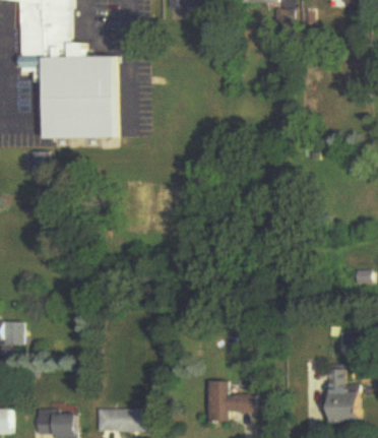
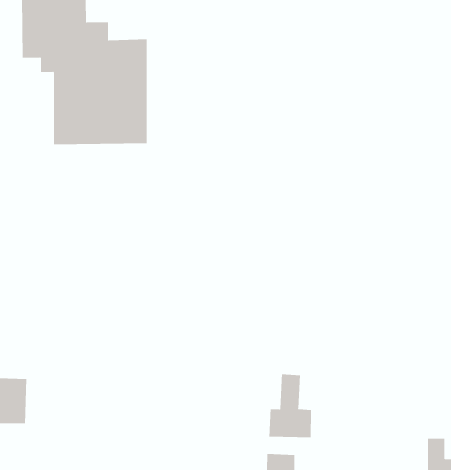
building: none -> [269,374,311,438]

